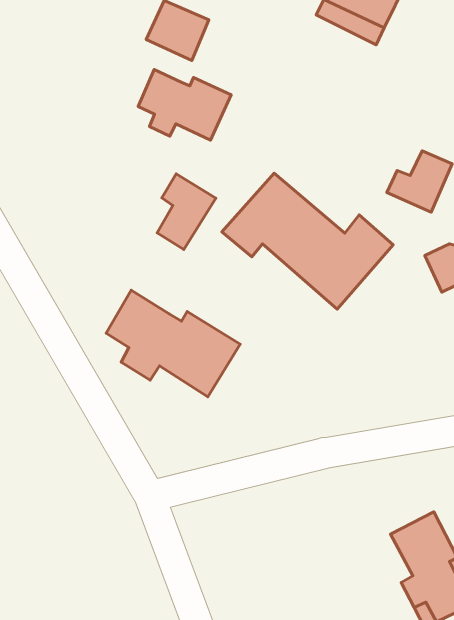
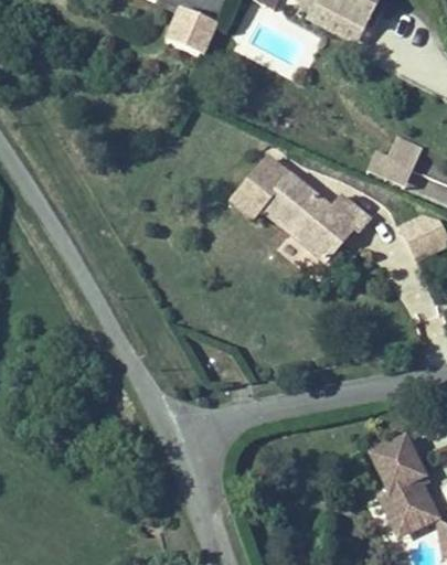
building: [138,70,231,140] -> none
building: [157,174,216,249] -> none
building: [106,290,240,397] -> none

